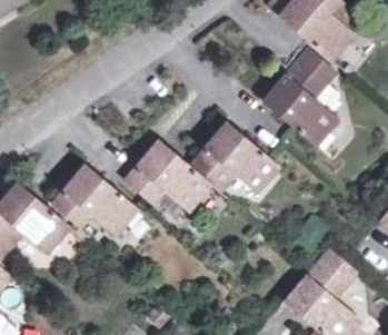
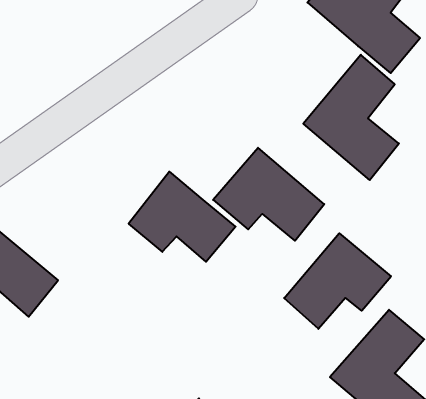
building: [51,164,138,236] -> none
building: none -> [284,233,391,329]

